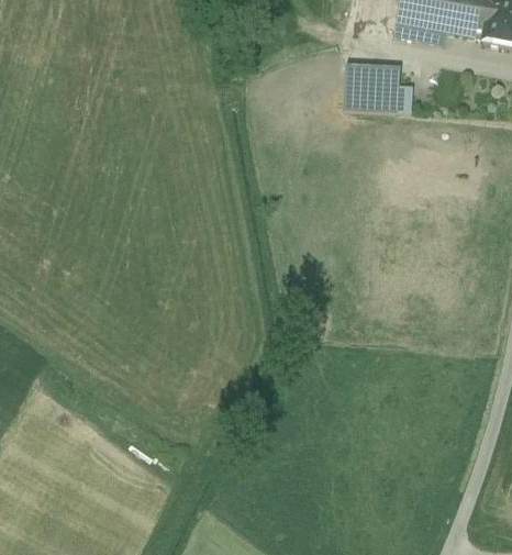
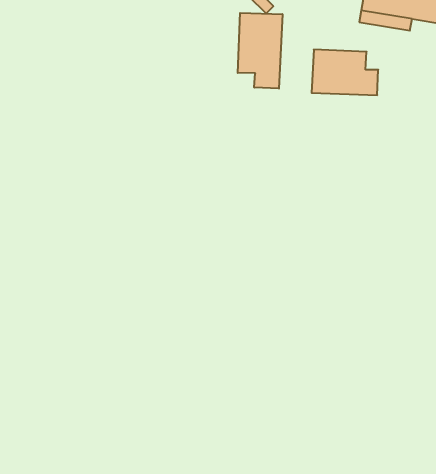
building: none -> [238,13,282,89]

